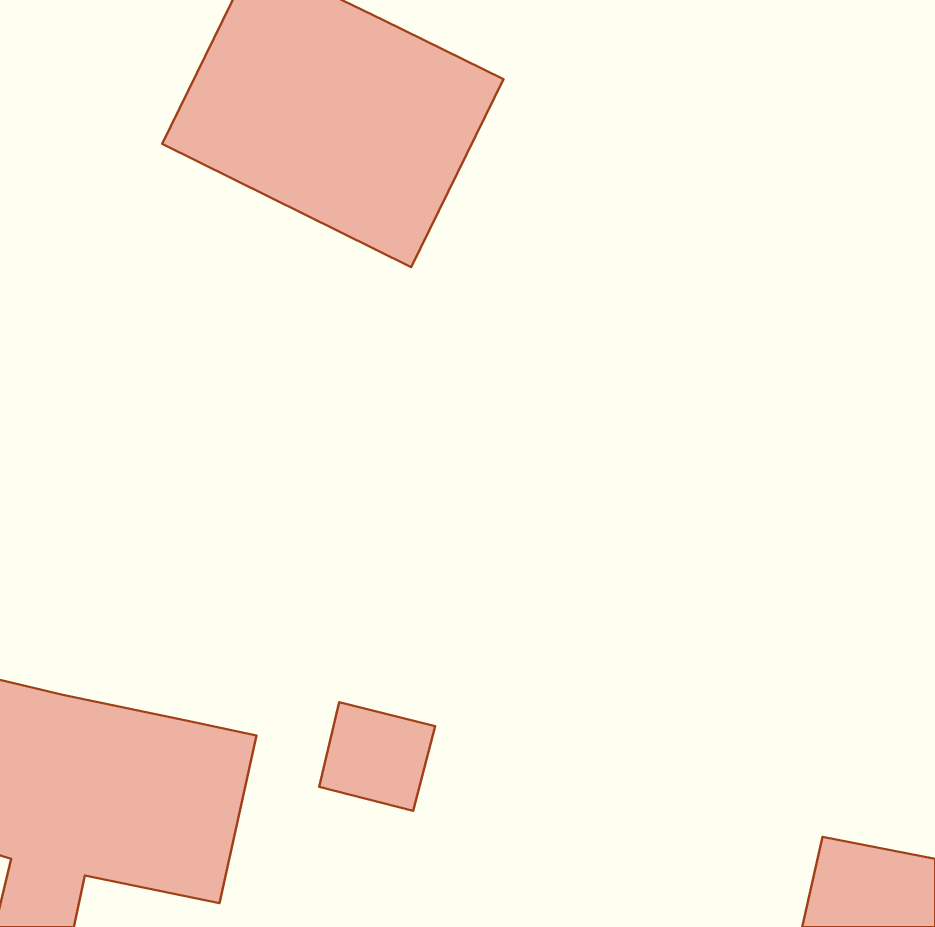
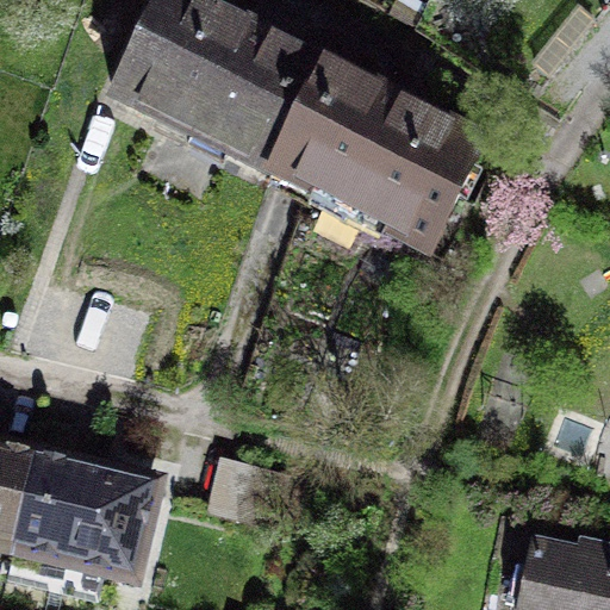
building: none -> [266,51,490,253]

